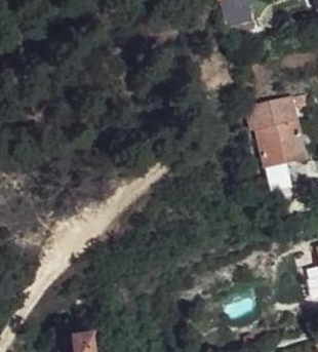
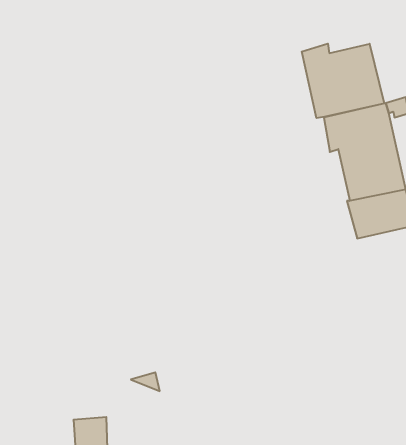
building: none -> [302,44,384,118]

